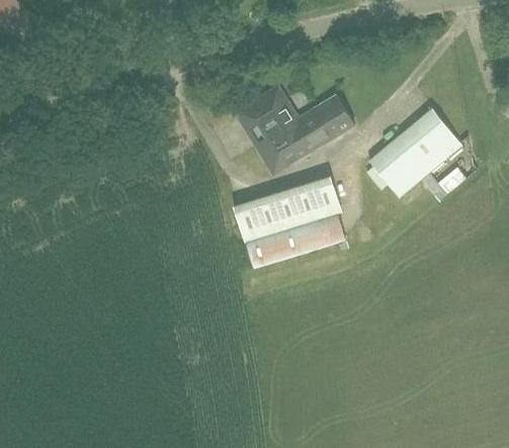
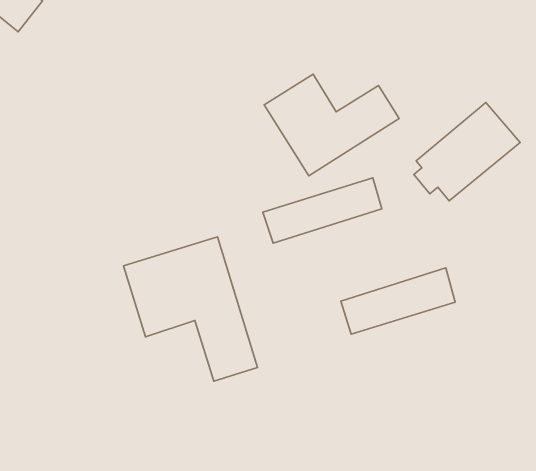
building: [245,210,346,269] -> [341,268,455,334]
building: none -> [123,237,258,381]

